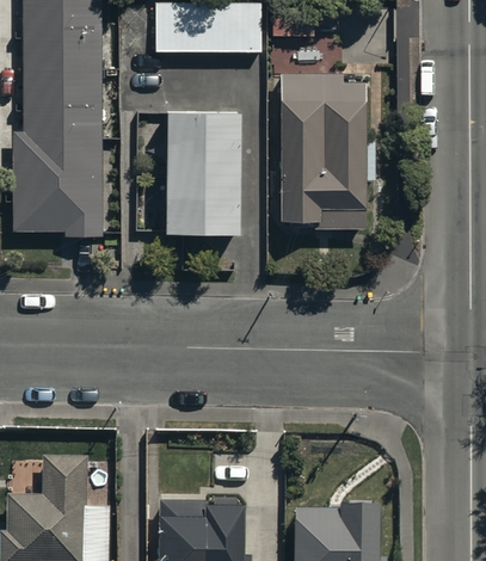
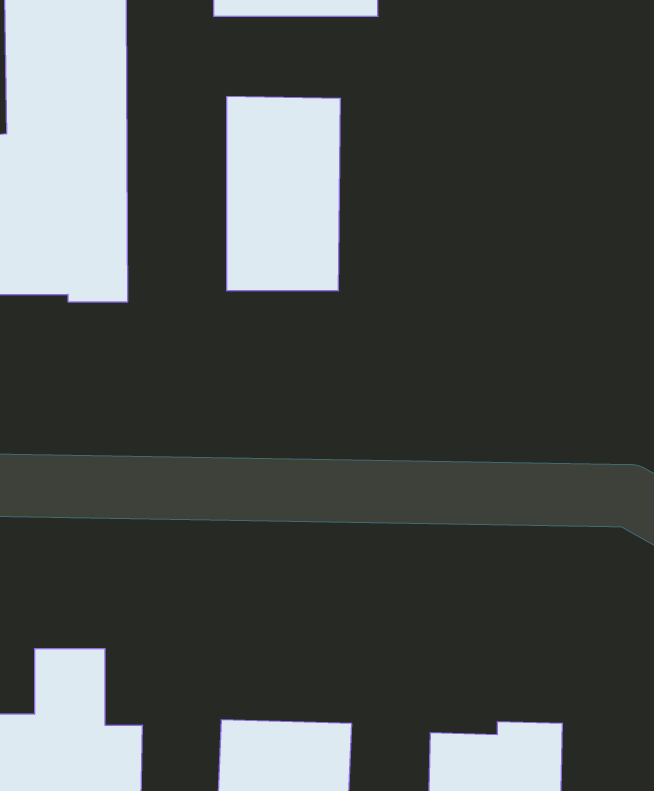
building: [279,73,375,227] -> none

